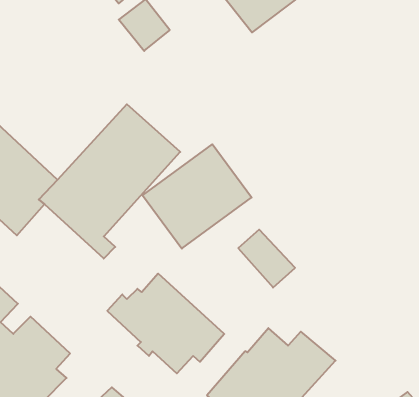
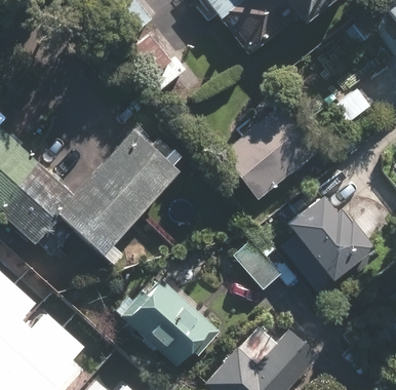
building: [143,144,252,249] -> [220,107,316,199]
building: none -> [279,196,378,299]

